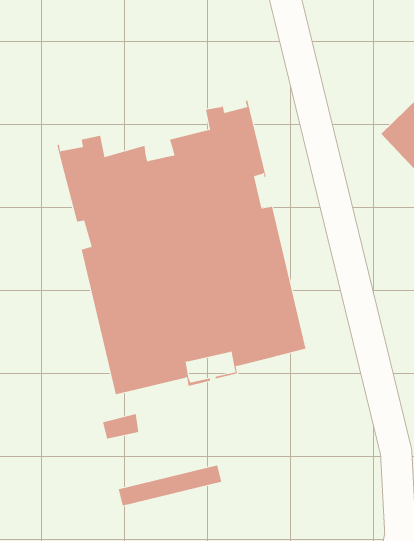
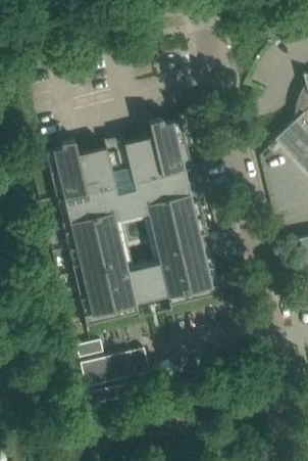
building: none -> [81,349,150,387]

